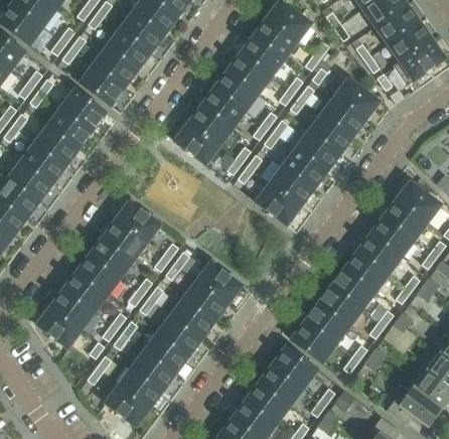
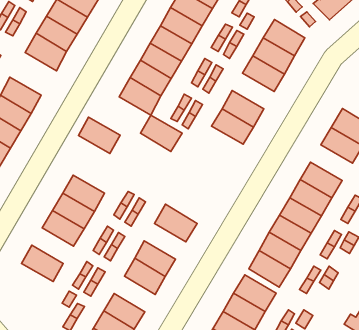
building: [60,90,106,131] -> none
building: [295,132,339,172] -> none
building: [256,184,300,226] -> [140,115,182,152]
building: [116,201,160,243] -> [78,117,120,154]
building: [369,217,414,258] -> none
building: [63,272,108,312] -> none
building: [183,281,228,321] -> none
building: [36,307,82,348] -> none
building: [145,333,188,374] -> none

